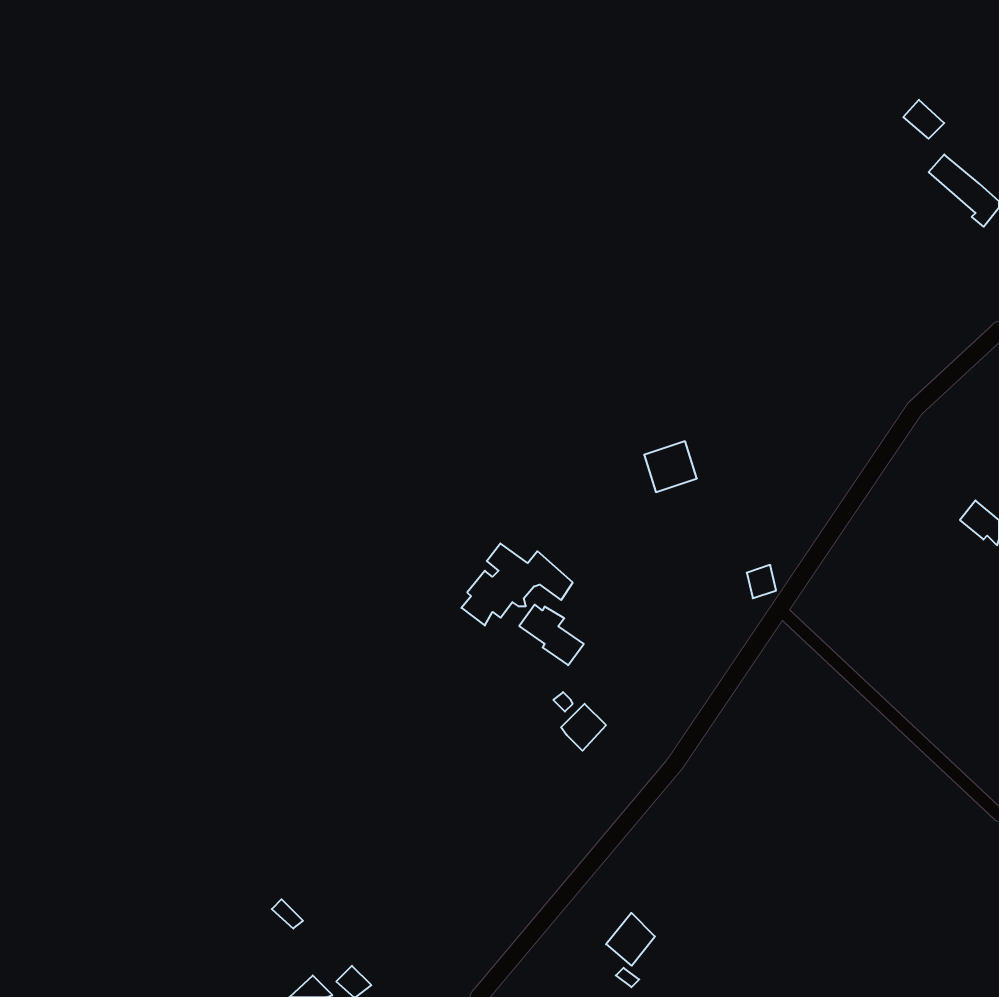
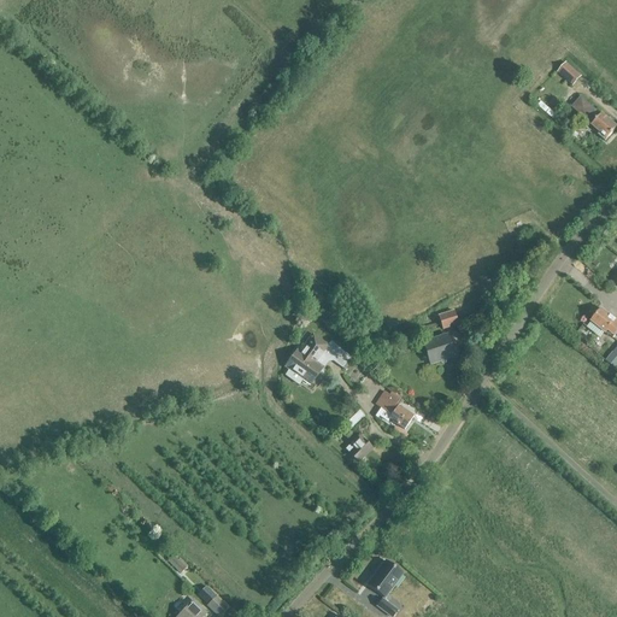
building: [644,441,697,492] -> [423,333,456,364]
building: [519,605,584,665] -> [375,390,415,428]

